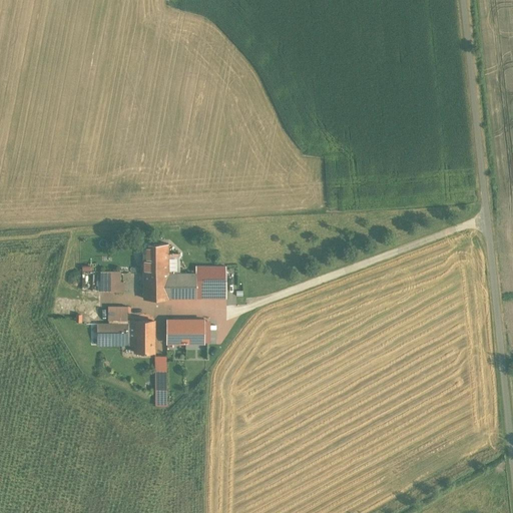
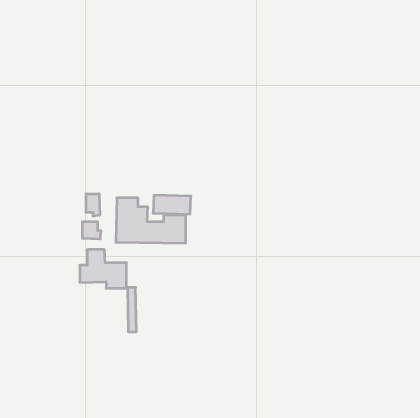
building: none -> [86,194,100,216]
building: [167,321,213,344] -> [153,195,191,214]

